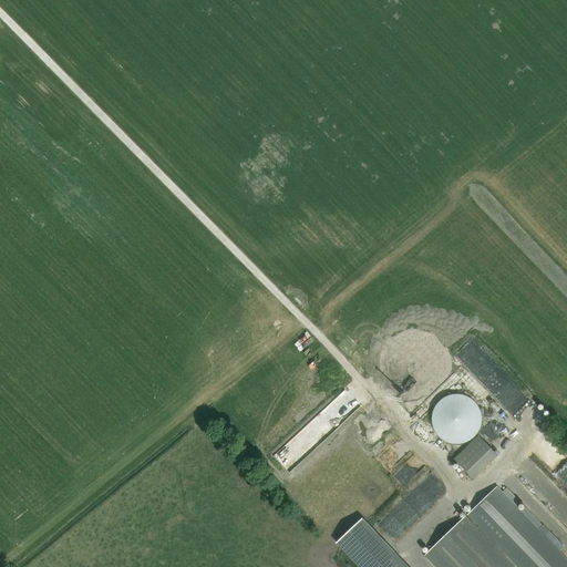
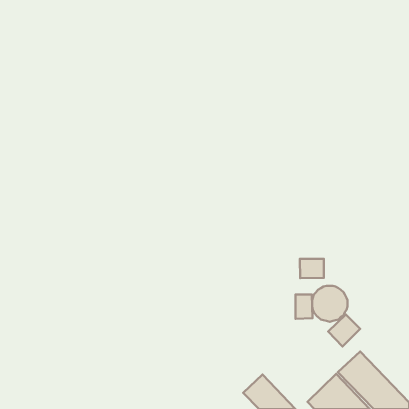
building: none -> [300,259,324,278]
building: none -> [296,295,312,319]

